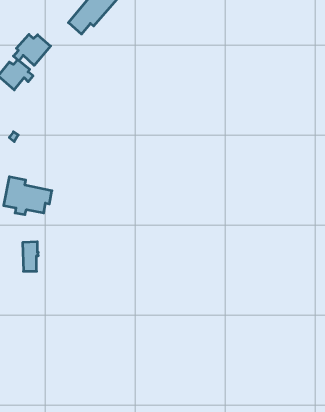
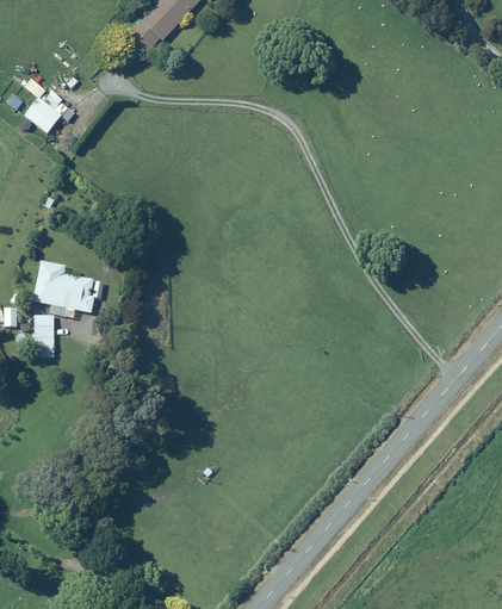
building: [13,34,51,65] -> none
building: [23,242,38,271] -> [32,313,55,356]

